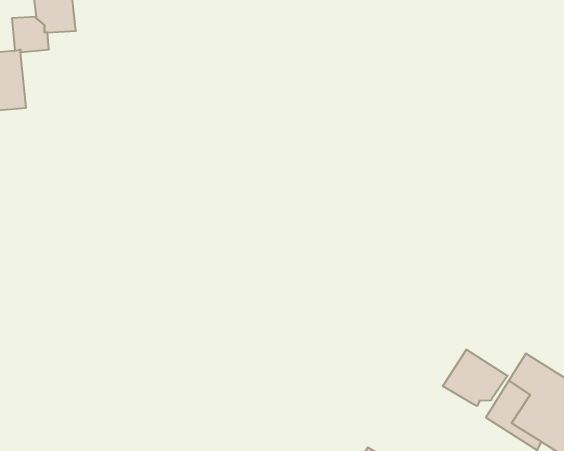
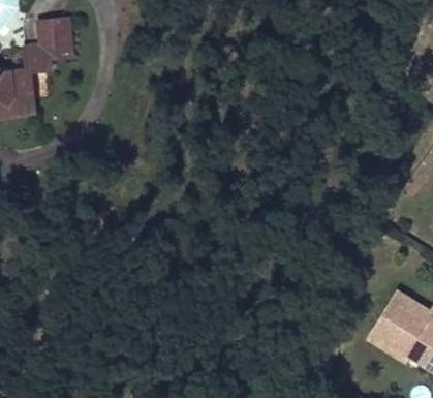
building: [443,349,508,406] -> none

